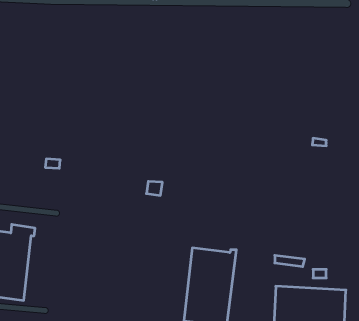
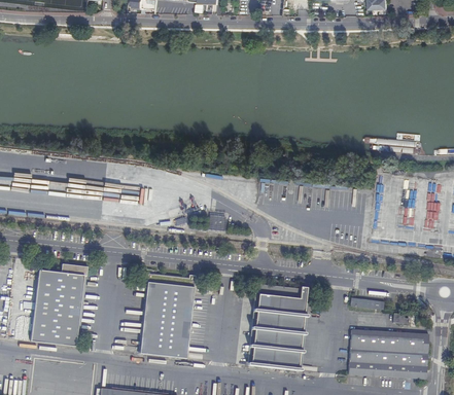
building: none -> [137,271,195,357]

